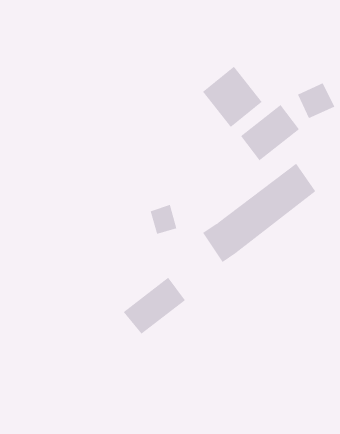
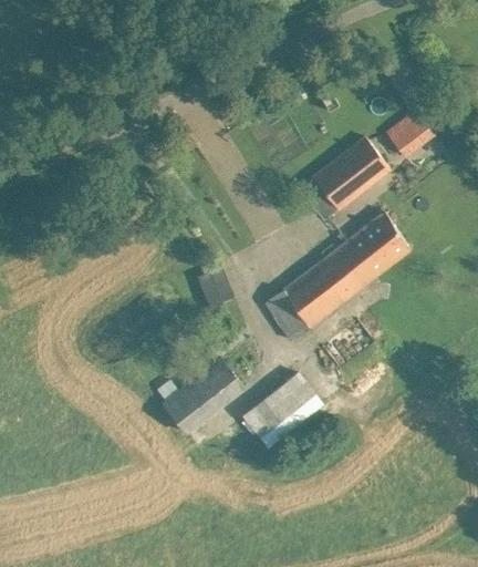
building: [202,66,262,128] -> none
building: none -> [240,371,324,450]

